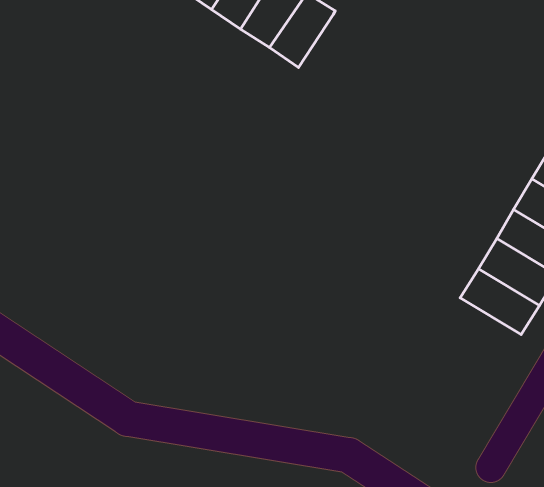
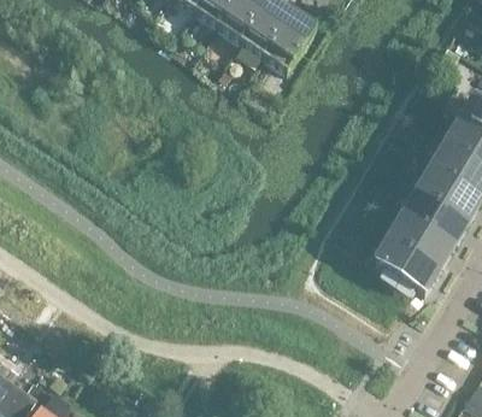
building: none -> [261,14,315,75]
building: none -> [375,241,437,295]

